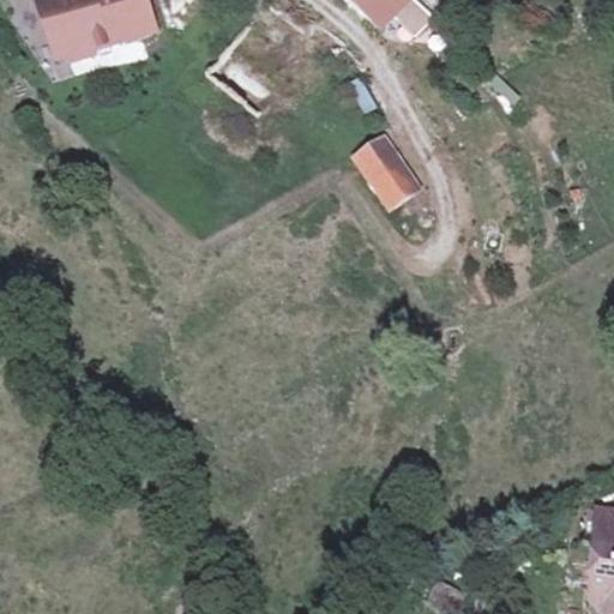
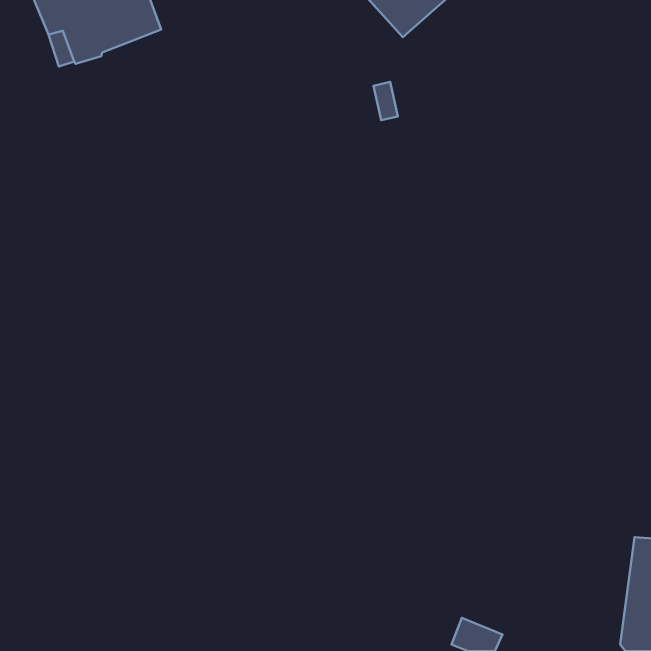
building: [353,132,425,215] -> none

